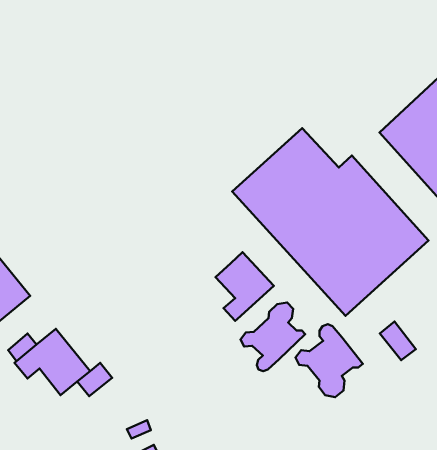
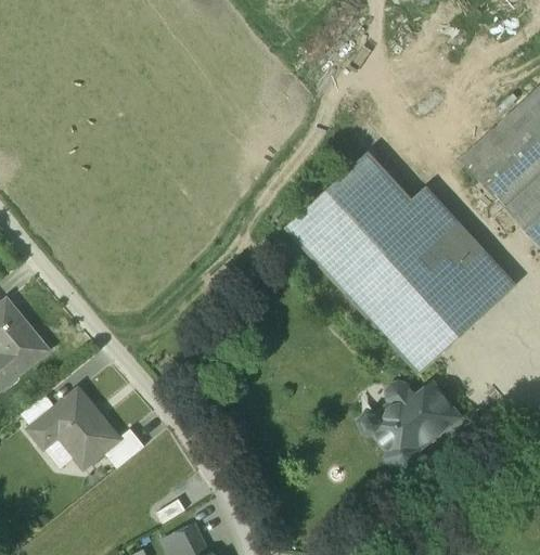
building: [215,252,274,321] -> none
building: [241,303,305,371] -> none
building: [380,321,416,360] -> [415,385,458,430]

